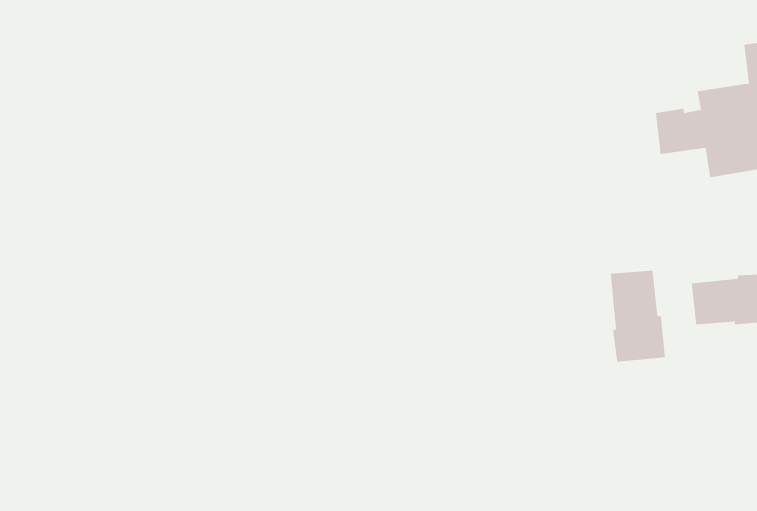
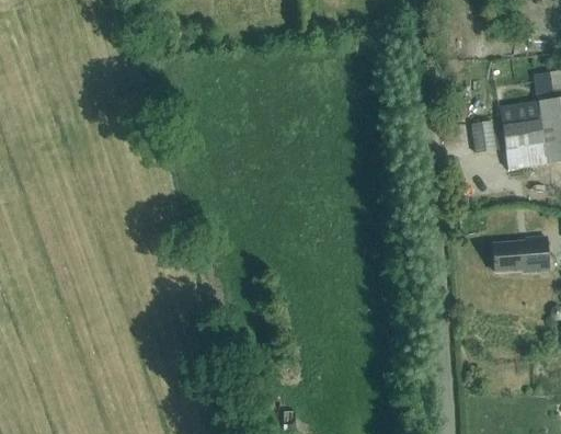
building: [610,270,665,362] -> none

